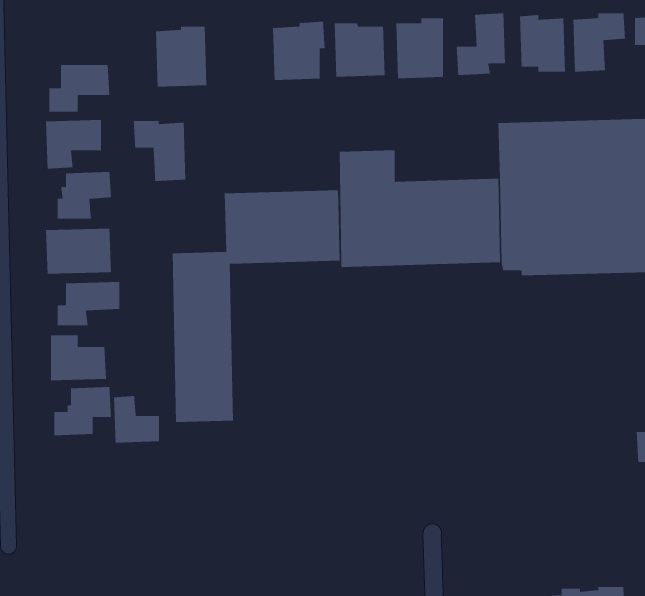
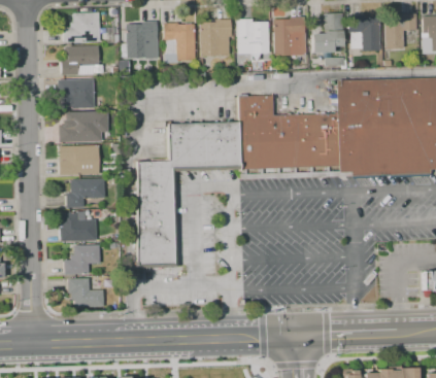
building: none -> [64,12,102,42]
building: [133,120,186,182] -> [164,23,197,61]
building: [113,395,160,444] -> [76,278,105,308]

